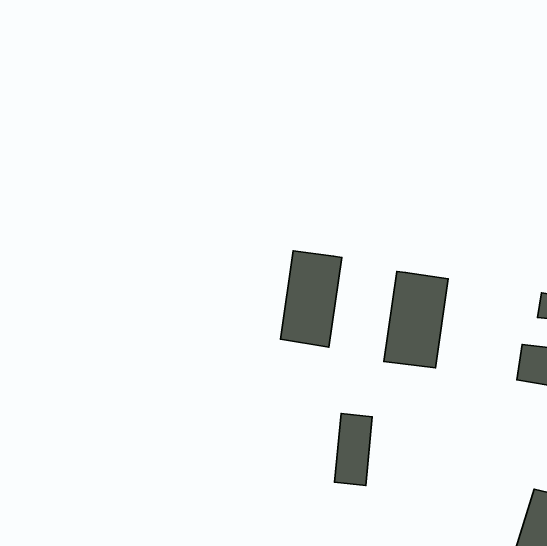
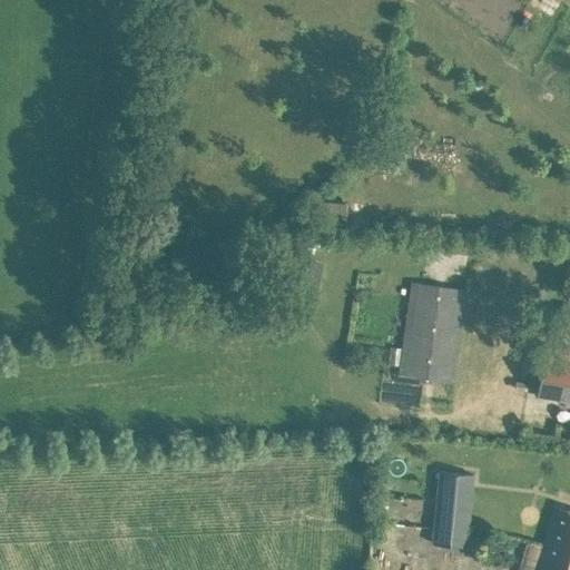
building: [281,251,342,347] -> none
building: [335,414,372,485] -> [434,473,473,548]

